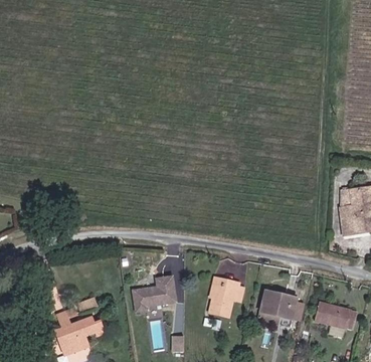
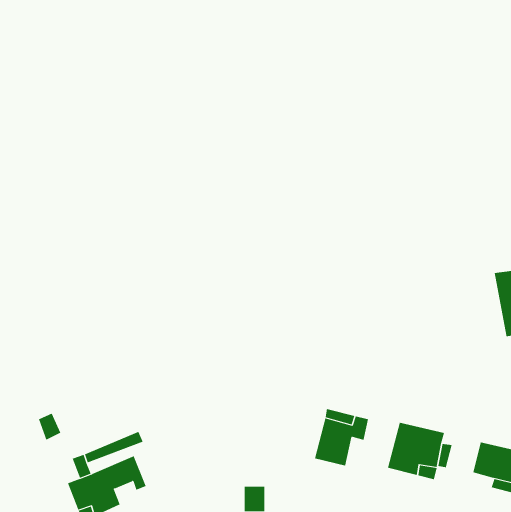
building: [130,273,177,310] -> none

